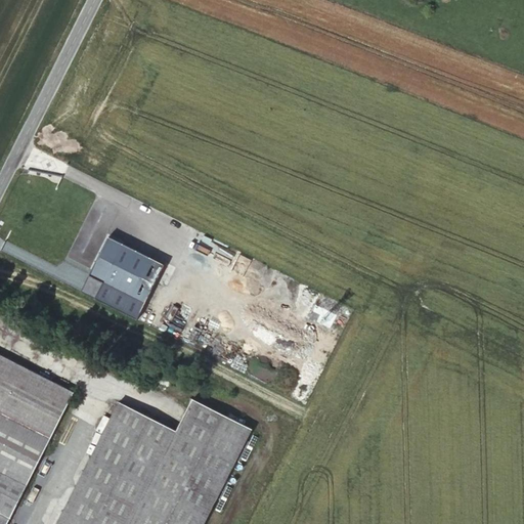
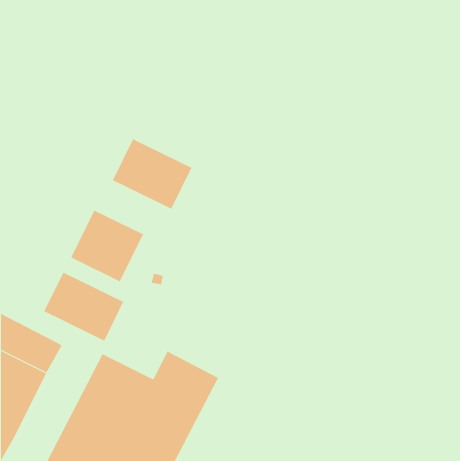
building: none -> [112,138,192,210]
building: none -> [44,272,124,341]

